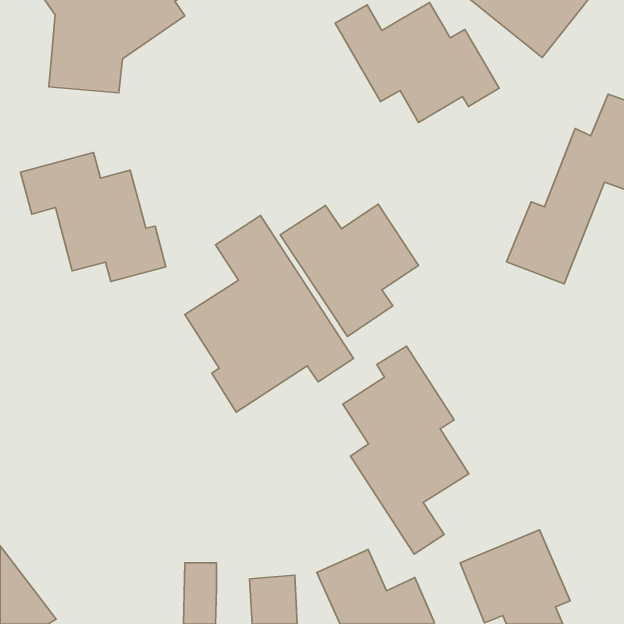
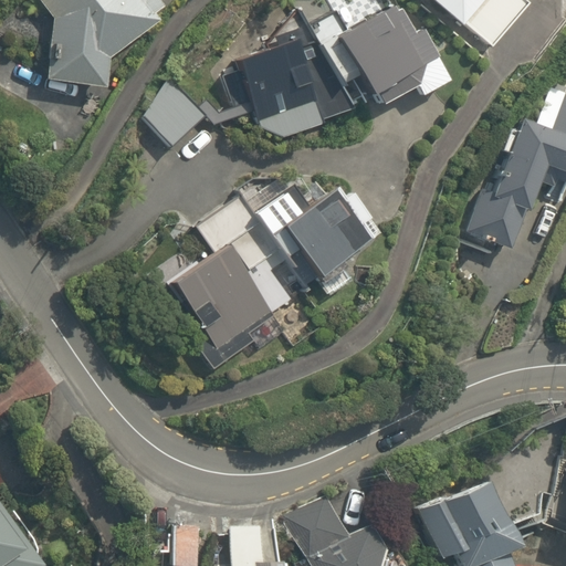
building: none -> [142,40,352,150]
building: [20,153,166,281] -> none
building: [343,346,469,554] -> none

